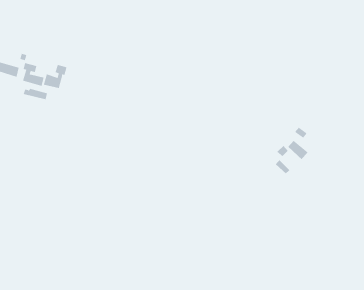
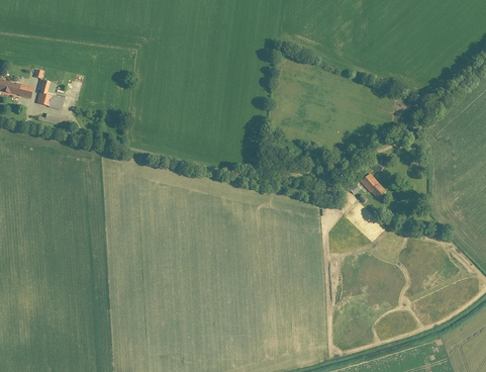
building: [43,64,67,89] -> none

